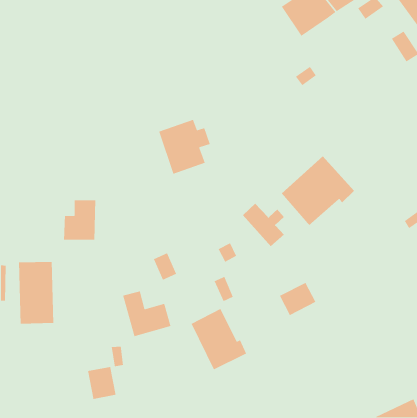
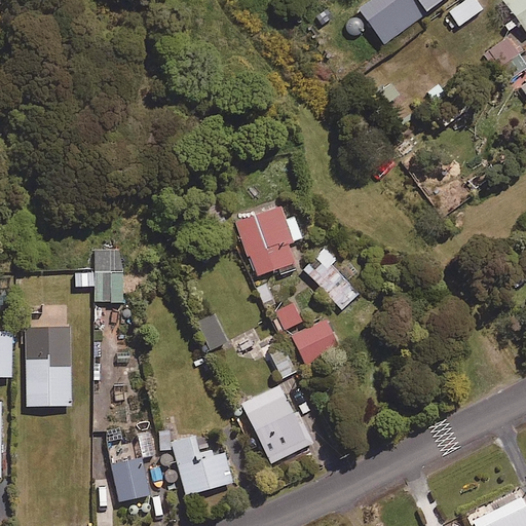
building: [158,119,211,175] -> [236,206,302,276]
building: [281,156,355,226] -> none
building: [279,282,317,316] -> [292,318,339,362]
building: [122,290,172,337] -> [172,437,233,495]

